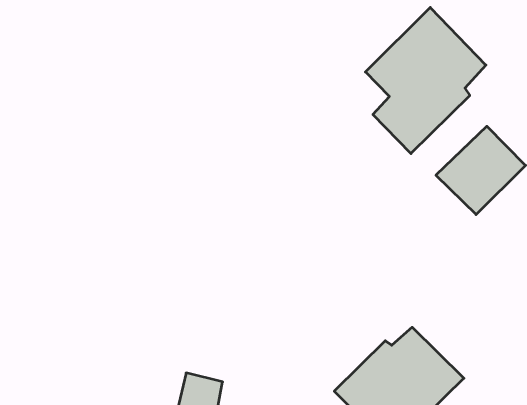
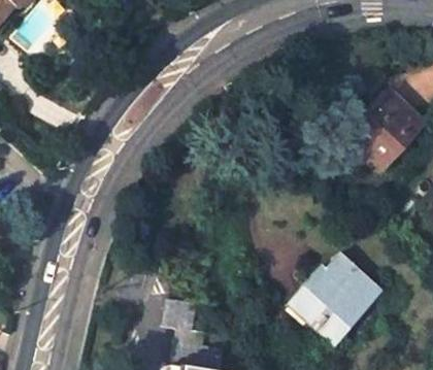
building: [365,7,486,154] -> none

